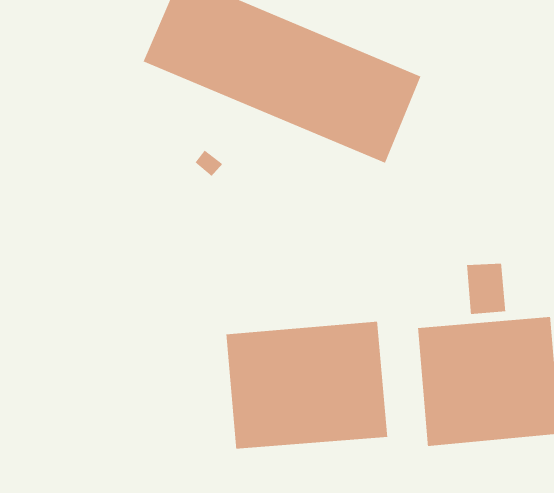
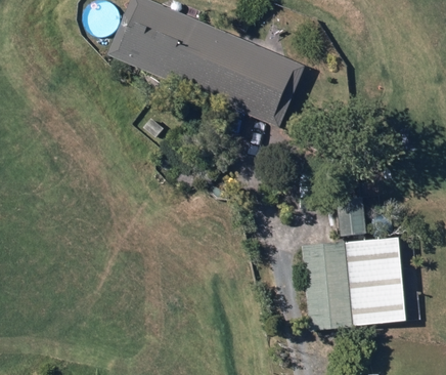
building: [225,321,388,449] -> none

